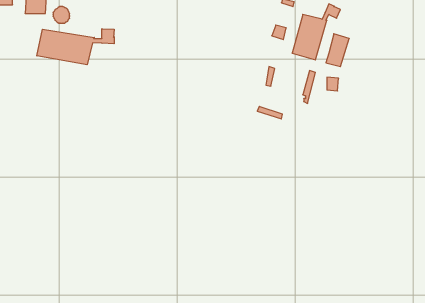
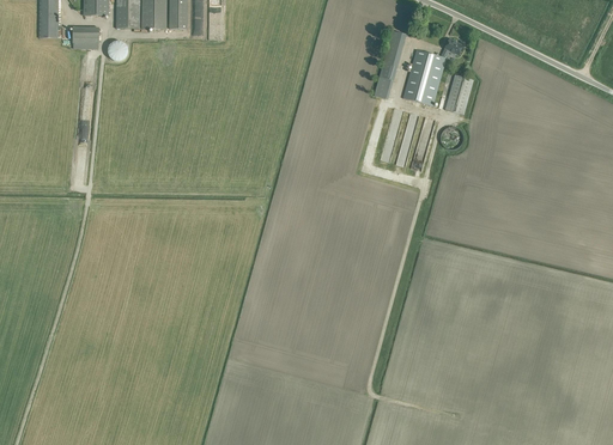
building: [37,29,114,65] -> none

